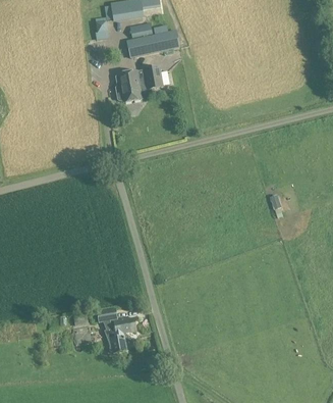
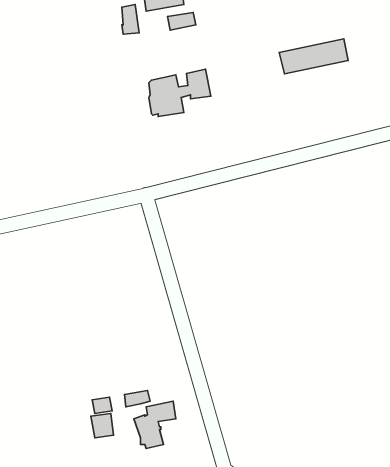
building: [127,30,179,56] -> [279,39,348,74]

